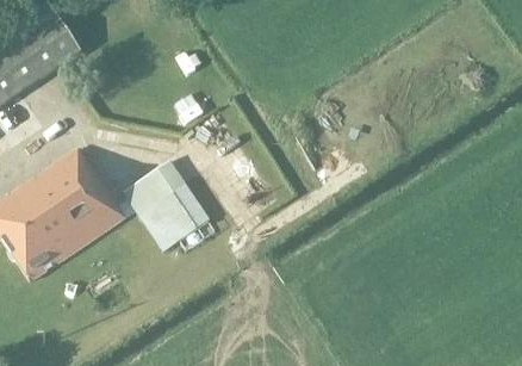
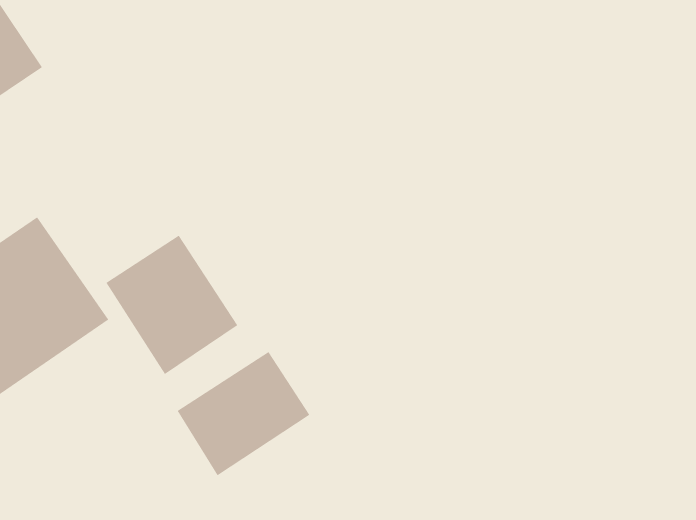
building: none -> [177,351,310,476]

